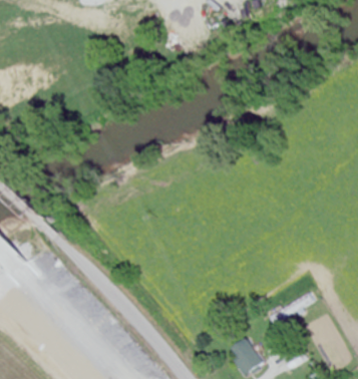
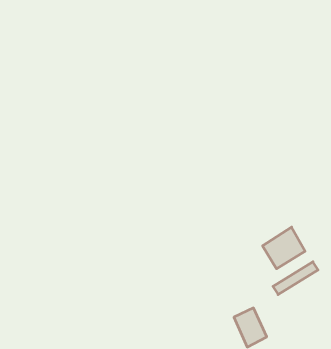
building: none -> [263,227,305,269]

